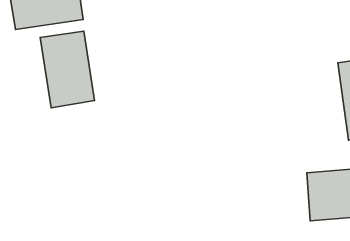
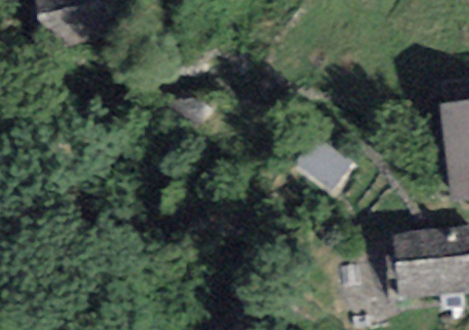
building: [40,31,95,108] -> none

